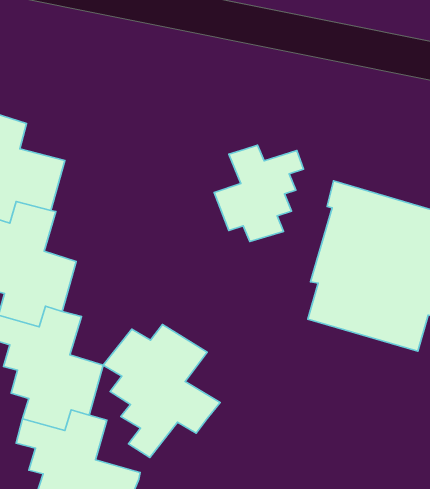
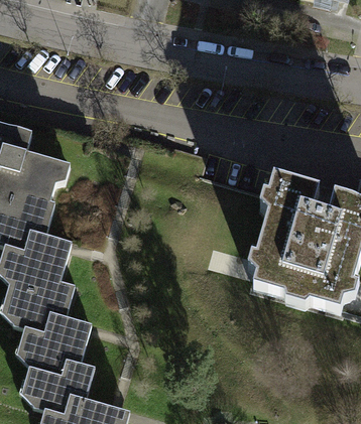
building: [214,145,304,242] -> none
building: [103,325,220,457] -> none

